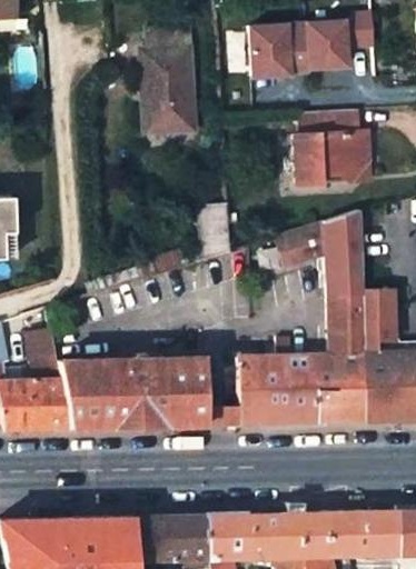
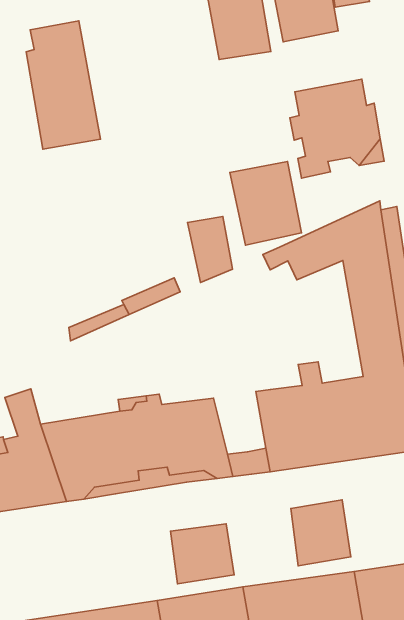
building: [142,30,195,132] -> [26,21,101,149]
building: none -> [230,162,302,245]
building: none -> [291,500,351,566]
building: none -> [170,524,234,584]

